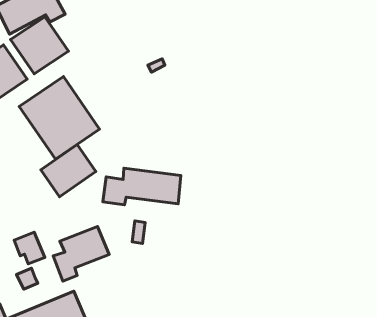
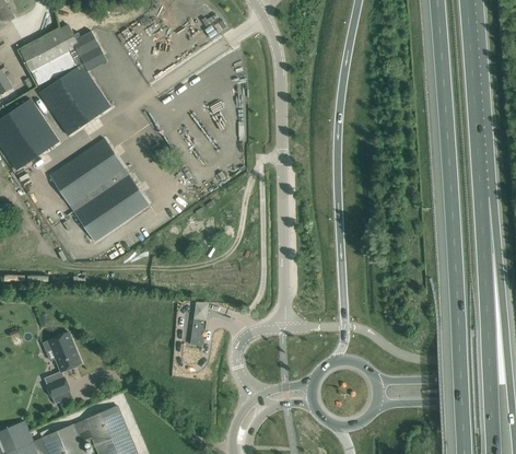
building: [41,144,96,197] -> none
building: [103,168,181,205] -> none
building: [53,227,109,281] -> none

